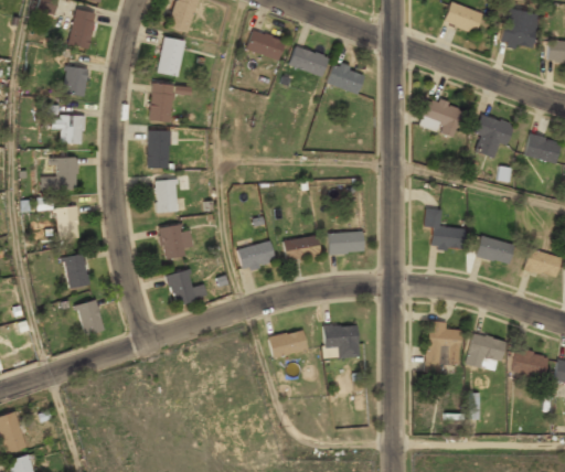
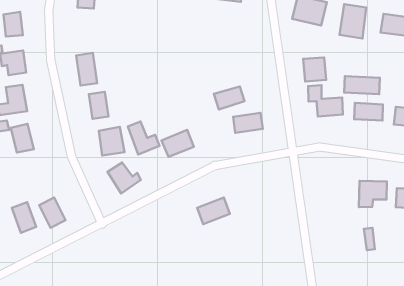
building: [149,84,175,121] -> none
building: none -> [303,57,326,81]
building: none -> [344,76,380,94]
building: none -> [128,121,160,154]
building: [284,236,320,260] -> [214,87,245,109]
building: [64,253,90,289] -> [12,202,36,233]
building: [426,321,461,372] -> none
building: [326,325,359,347] -> none

